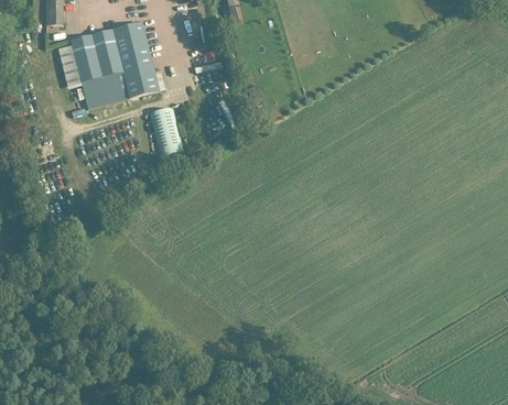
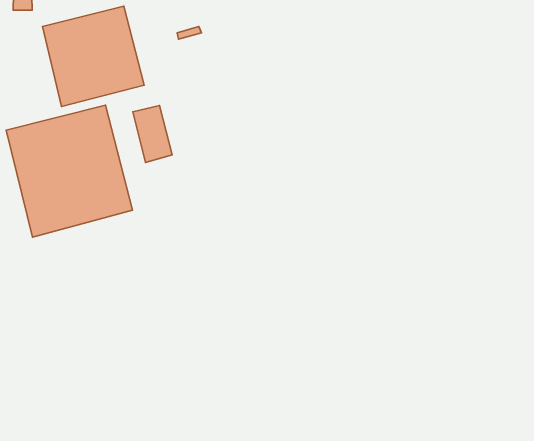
building: none -> [6,105,133,237]

